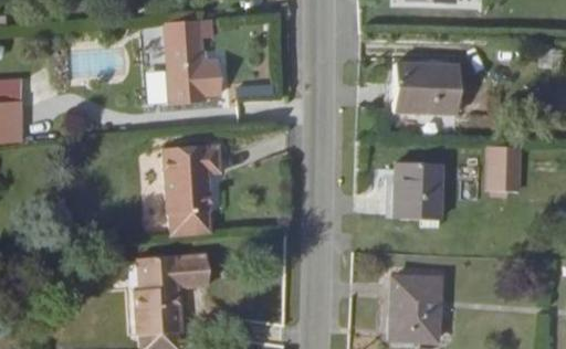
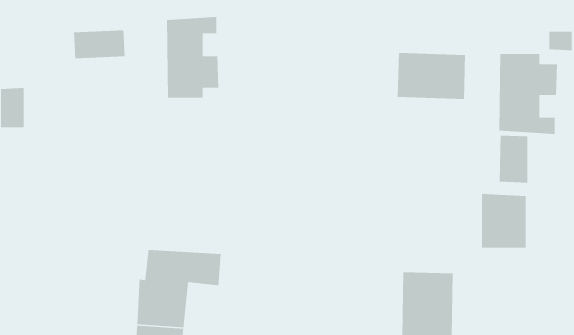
building: none -> [499,53,558,135]
building: [160,149,216,236] -> none
building: [398,161,442,215] -> [481,193,527,249]

